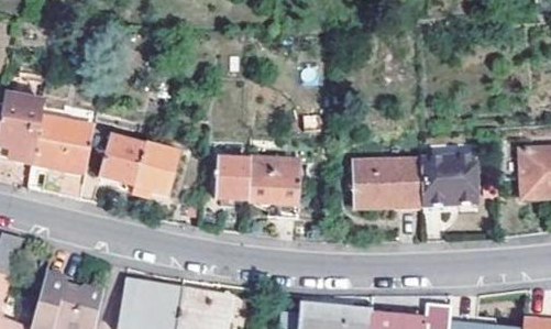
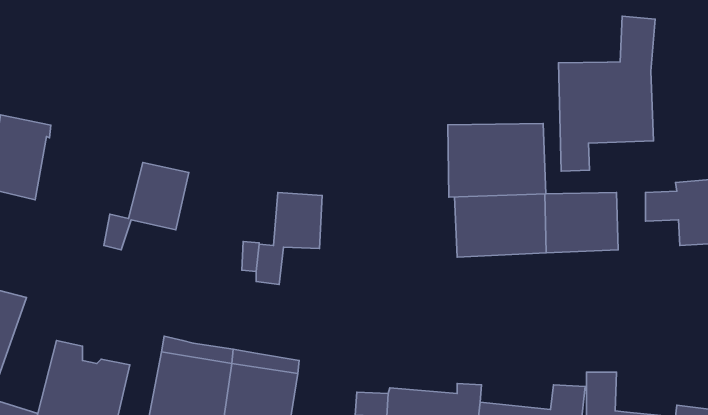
building: none -> [559,16,655,171]
building: none -> [448,123,546,197]
building: [30,113,96,197] -> none
building: [137,141,184,193] -> none
building: [247,156,301,217] -> none

